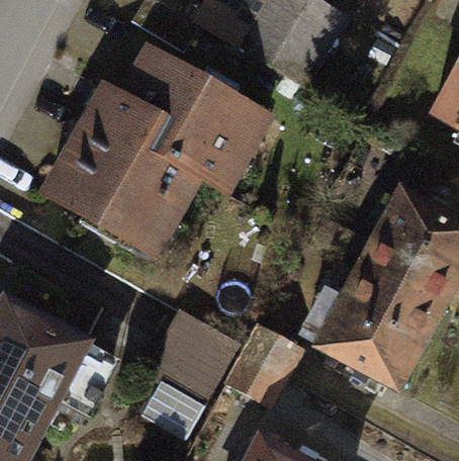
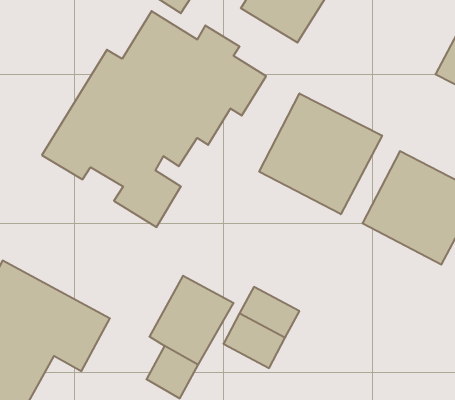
building: none -> [259,93,382,214]
building: [316,261,442,388] -> none

